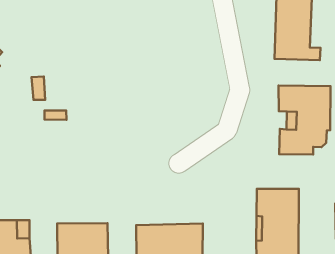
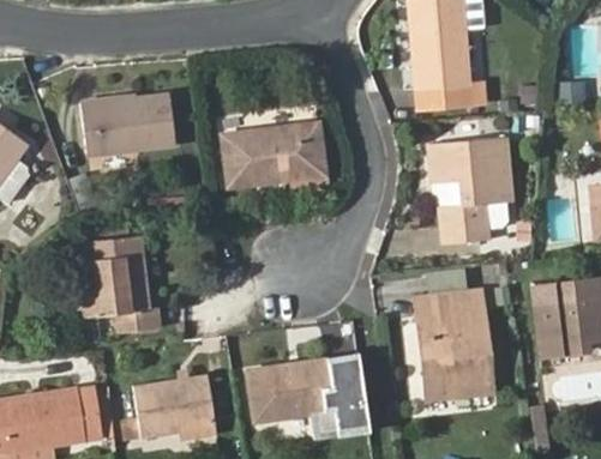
building: none -> [82,96,175,153]
building: none -> [223,125,324,186]
building: none -> [82,240,158,328]

